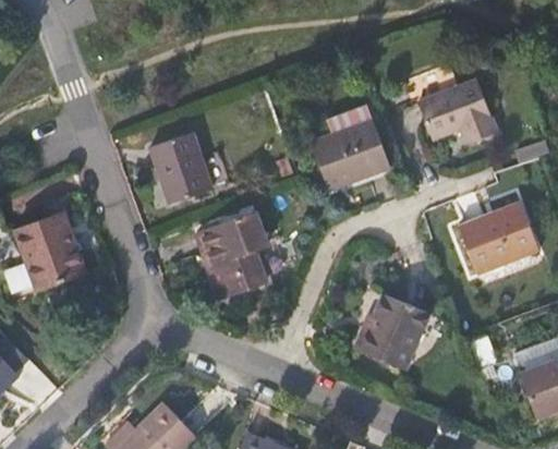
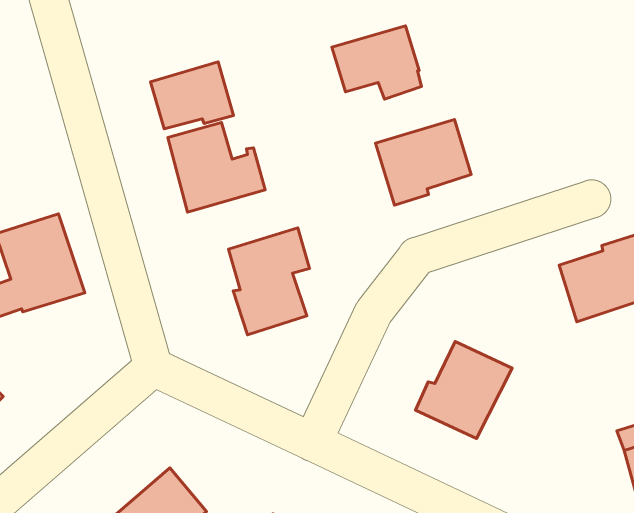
building: none -> [332,26,422,99]
building: [418,80,496,144] -> none
building: none -> [151,62,233,129]

